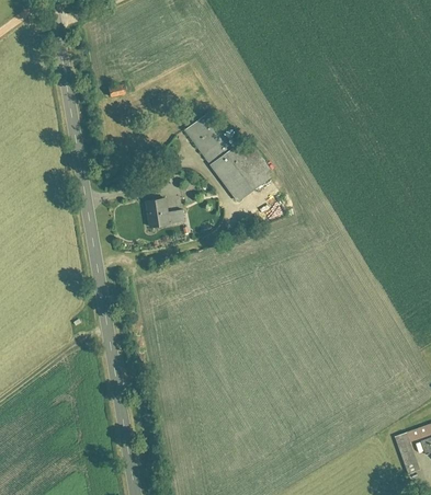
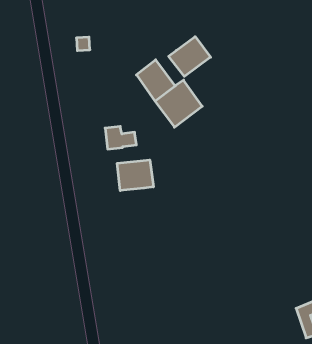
building: none -> [169,37,211,76]
building: none -> [117,160,153,191]

